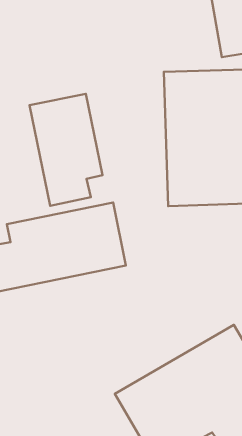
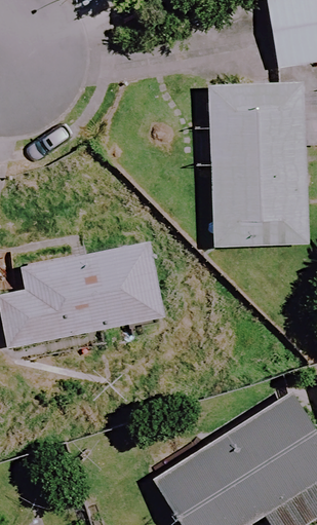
building: [29,94,103,206] -> none

